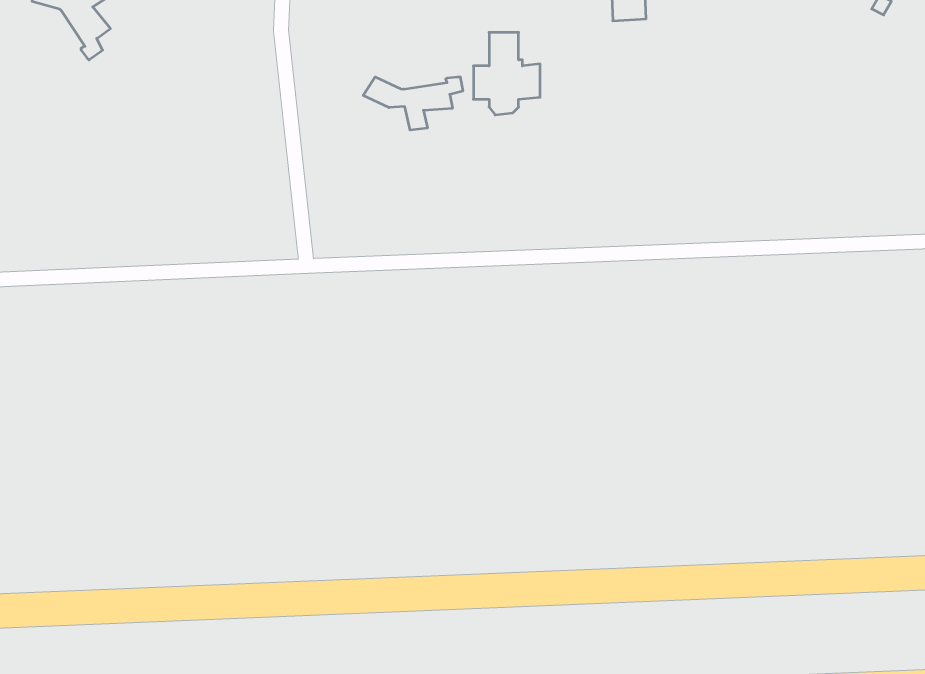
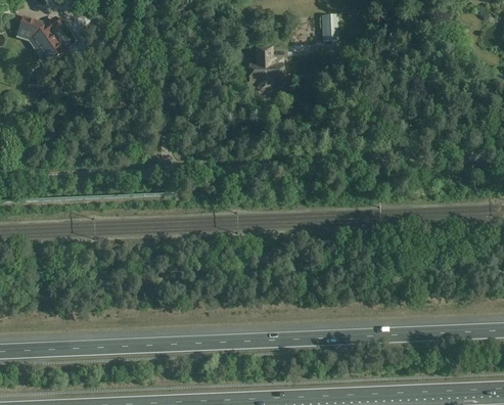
building: [363,77,463,130] -> none

